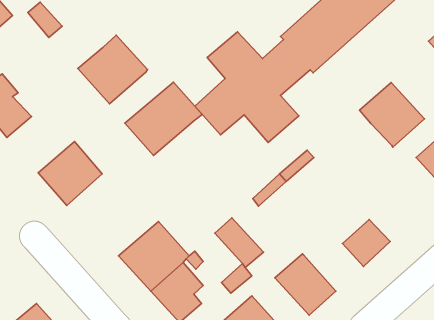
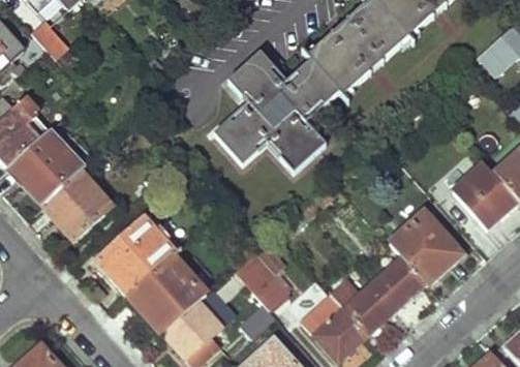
building: [78,35,148,104] -> [9,130,85,205]
building: [125,82,202,155] -> [99,215,183,295]
building: [360,82,424,147] -> [390,211,460,281]
building: none -> [331,278,396,333]

